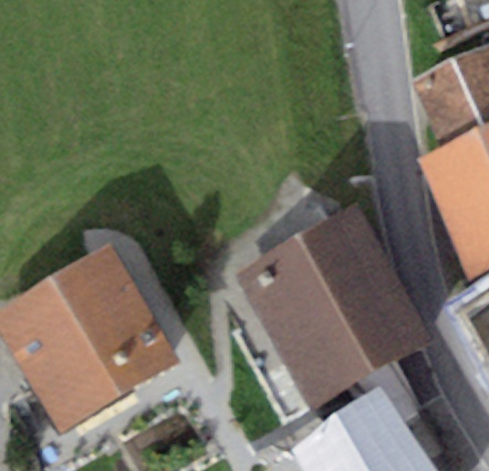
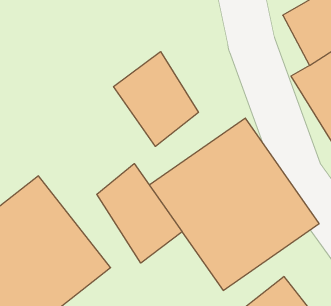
building: none -> [114,52,198,146]
building: none -> [97,164,182,263]

